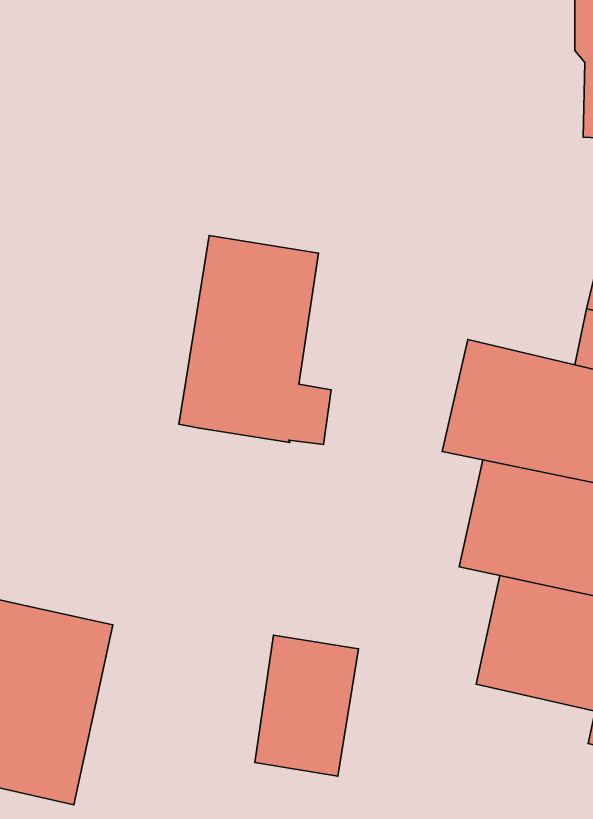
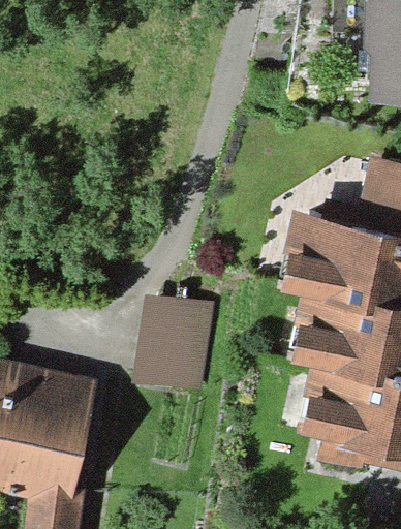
building: [179,236,331,444] -> none
building: [255,635,358,776] -> [141,302,204,387]

